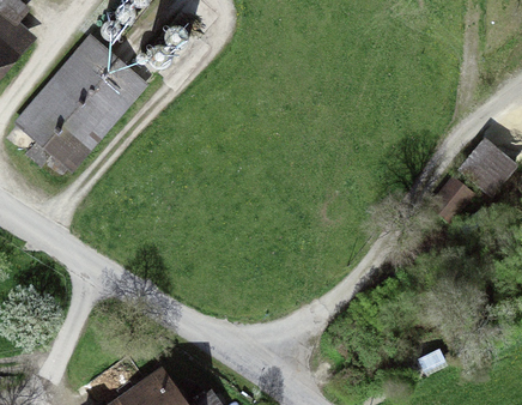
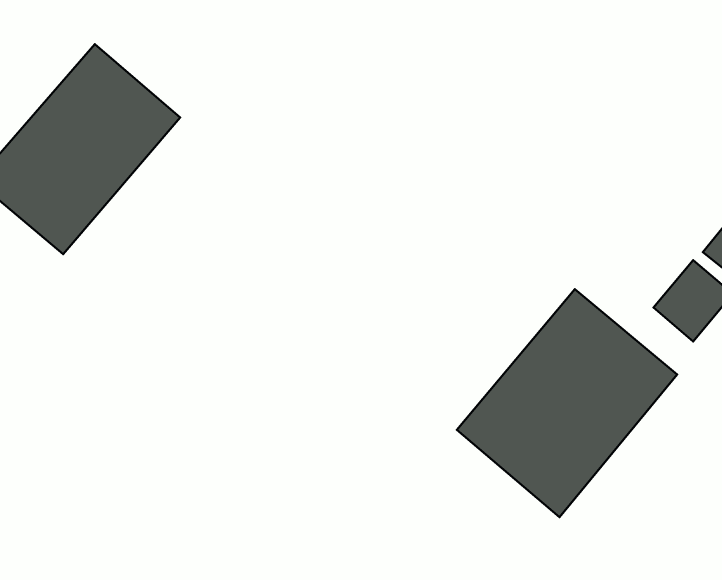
building: none -> [457,289,677,517]

